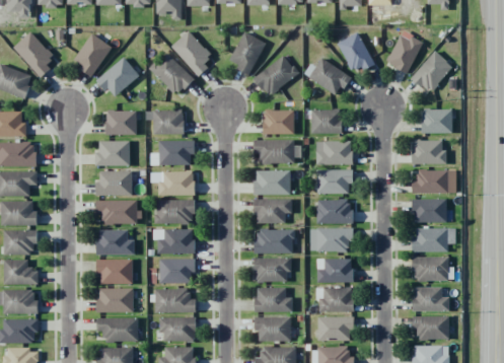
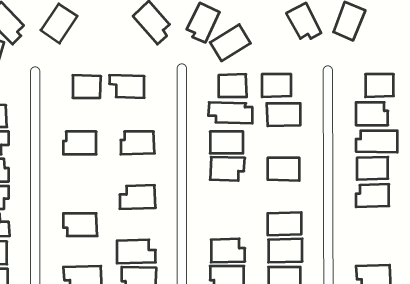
building: [412,51,452,93] -> none
building: [149,53,193,95] -> none
building: [97,57,139,98] -> none
building: [303,58,350,96] -> none
building: [95,141,130,166] -> none
building: [159,141,195,165] -> none
building: [316,169,353,194] -> none
building: [155,200,194,224] -> none
building: [95,201,137,224] -> none
building: [309,228,354,251] -> none
building: [256,229,294,253] -> none
building: [97,230,135,255] -> none
building: [414,257,448,282] -> none
building: [255,258,291,283] -> none
building: [159,259,194,284] -> none
building: [413,287,449,311] -> none
building: [97,288,133,312] -> none

